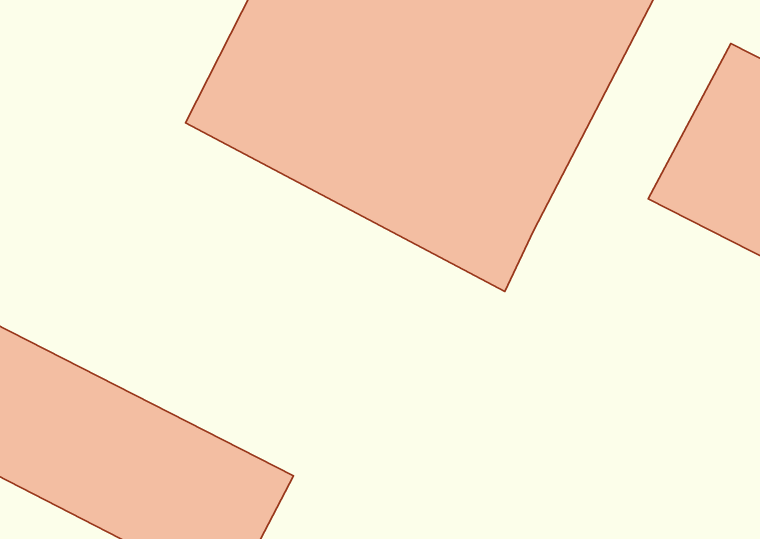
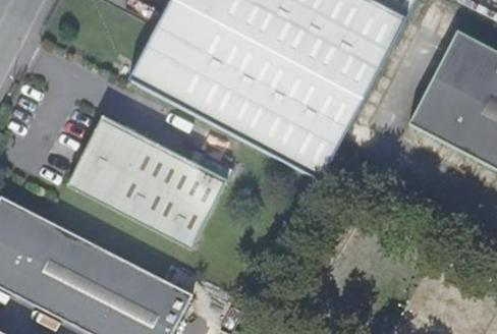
building: none -> [66,115,232,248]

